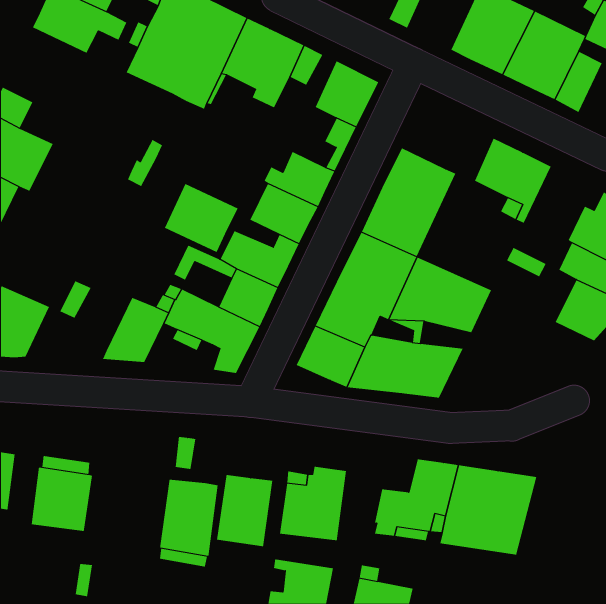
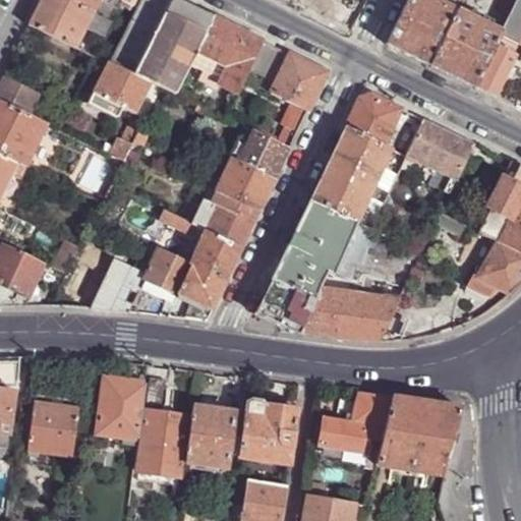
building: none -> [88,62,149,116]
building: none -> [345,92,401,144]
building: [164,183,239,253] -> none
building: none -> [98,377,147,437]

